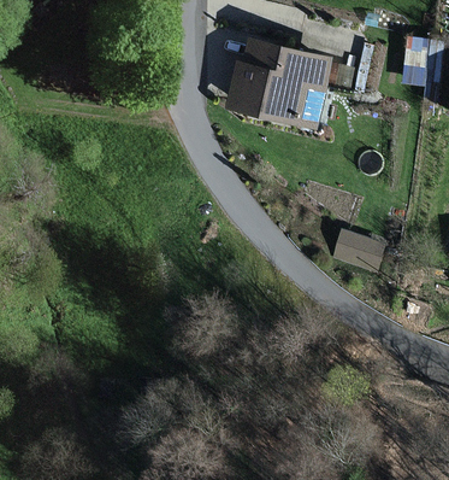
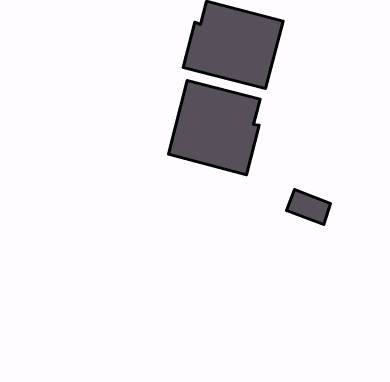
building: none -> [168,80,260,175]

